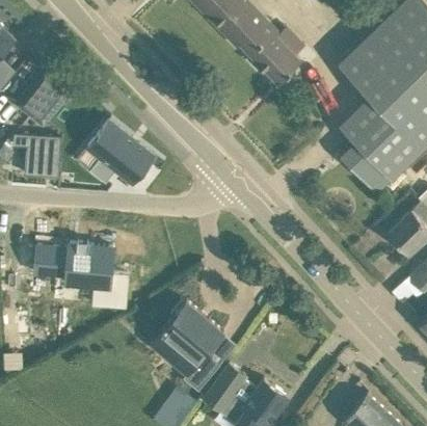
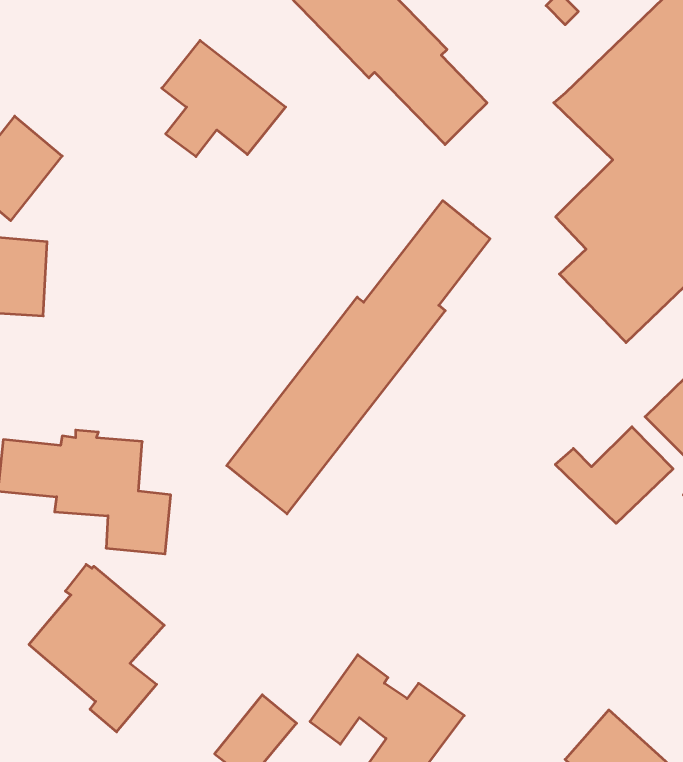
building: none -> [227,201,490,514]
building: [87,122,155,185] -> [162,40,286,157]
building: none -> [555,427,673,523]
building: [151,301,224,393] -> [29,564,164,732]

